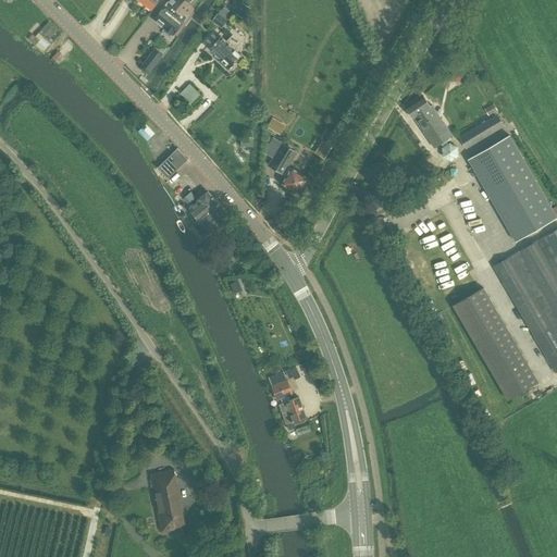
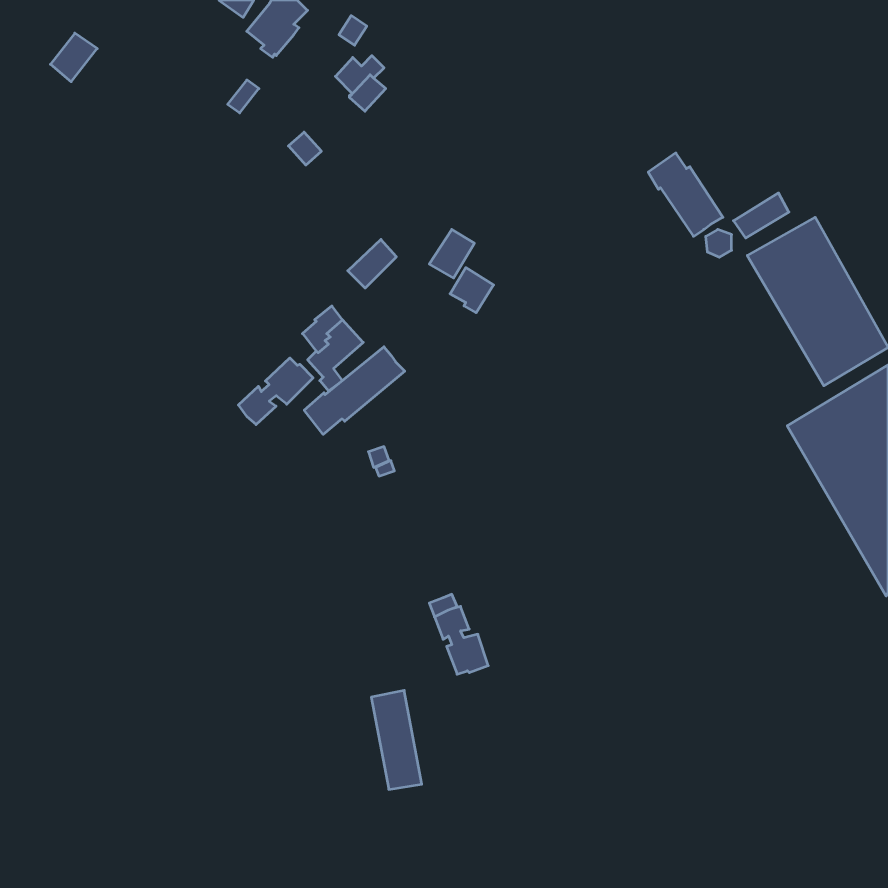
building: [158,148,188,178] -> [348,239,396,288]
building: none -> [304,347,405,434]
building: none -> [238,358,313,425]
building: [453,287,539,400] -> none
building: [150,470,182,532] -> [371,690,422,789]

